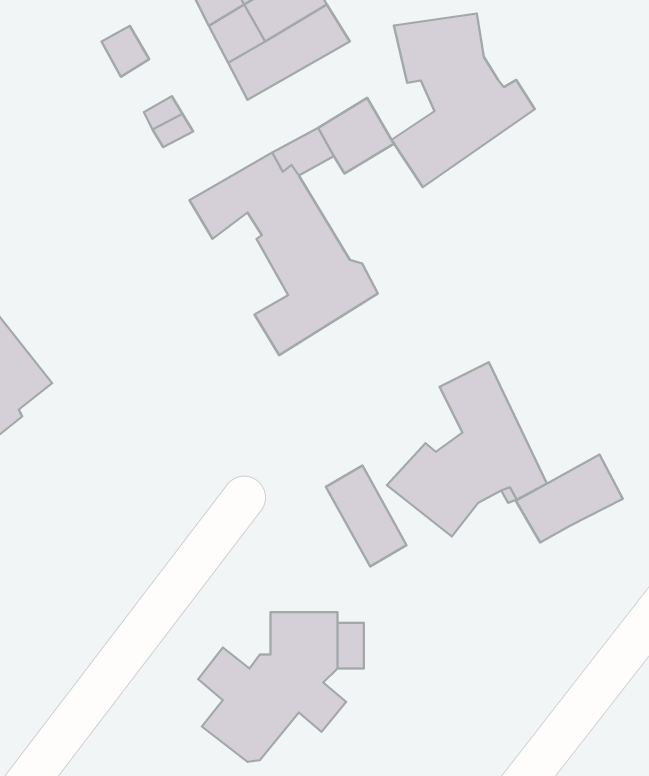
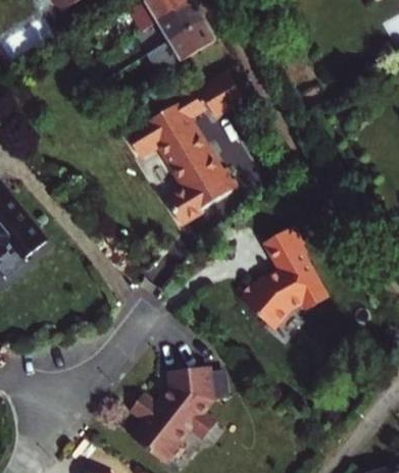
building: [392,14,535,187] -> none
building: [516,454,623,542] -> none
building: [326,465,407,567] -> none

